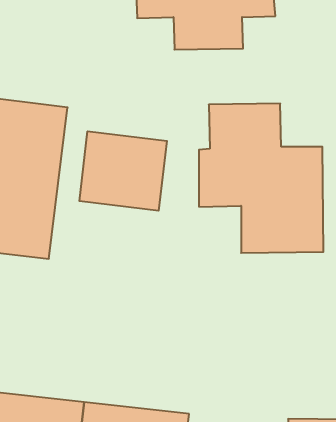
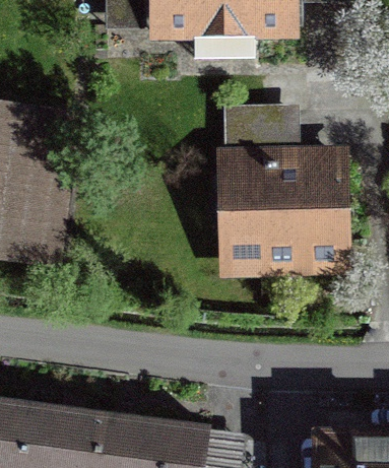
building: [79,131,167,211] -> none

